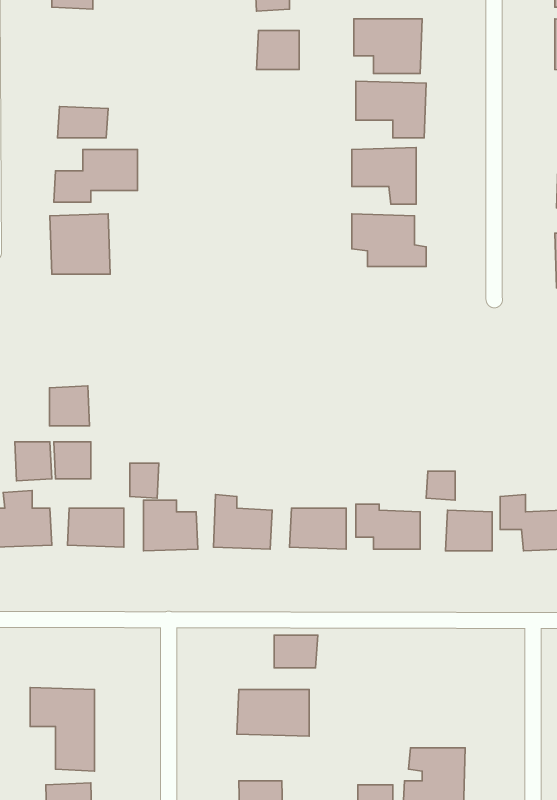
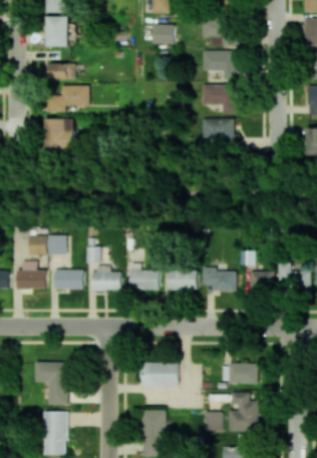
building: none -> [46,16,69,47]
building: [49,386,90,426] -> none
building: [274,635,318,668] -> none
building: none -> [222,364,257,383]

